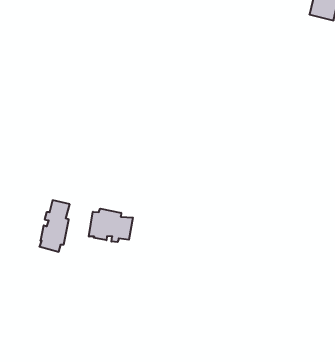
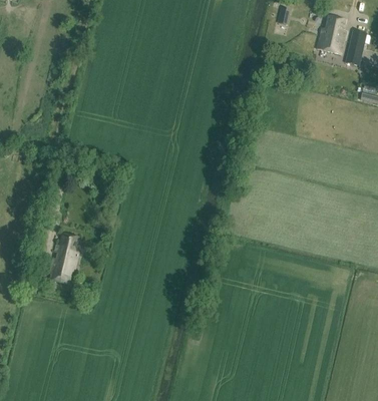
building: [89,209,133,242] -> none

